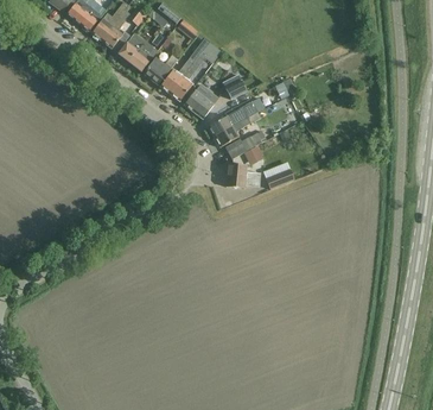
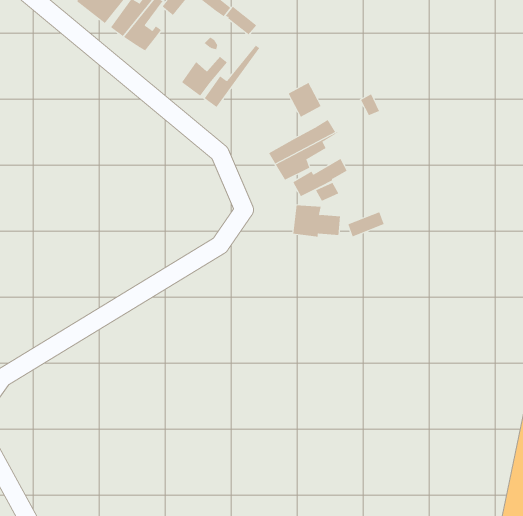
building: [117,32,157,70] -> none
building: [170,40,222,99] -> none
building: [184,82,218,118] -> none

